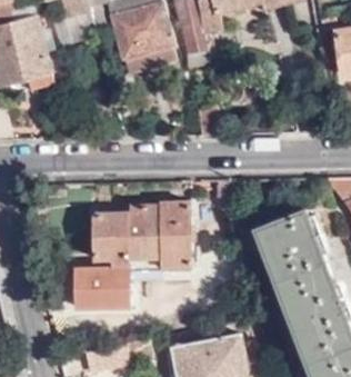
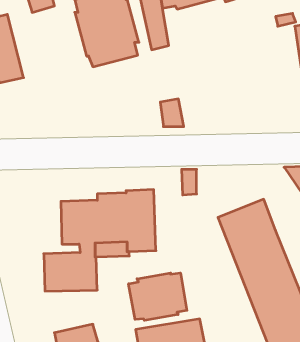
building: none -> [129,273,187,320]

